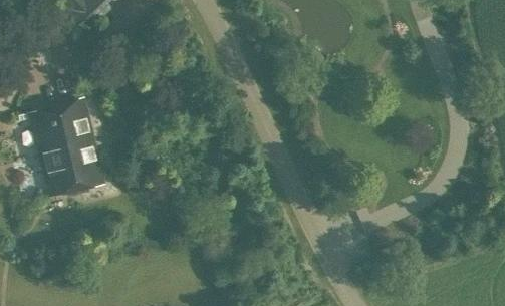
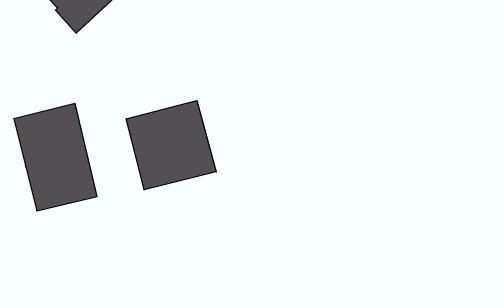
building: none -> [126,101,216,190]

